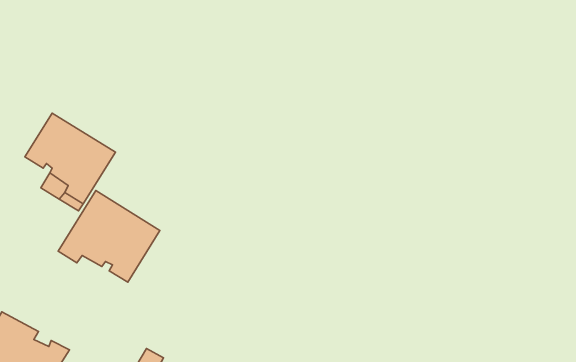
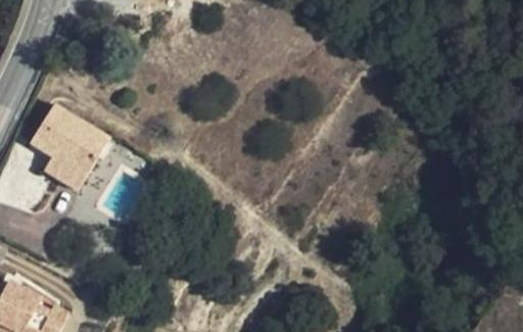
building: [58,190,160,282] -> none

